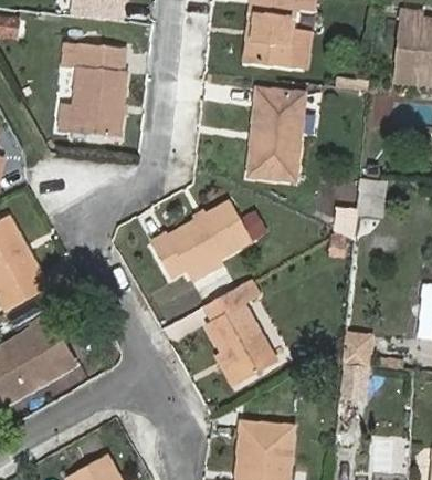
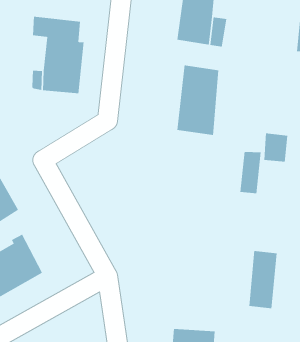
building: [149,212,246,281] -> none
building: [201,293,277,387] -> none

